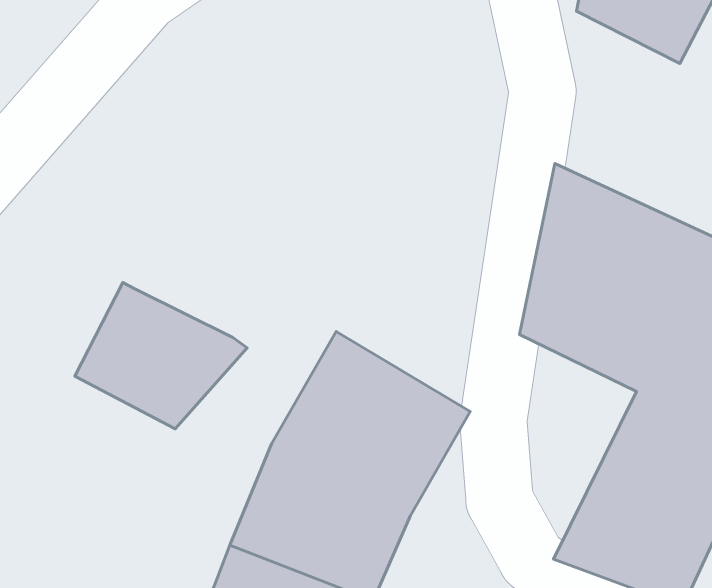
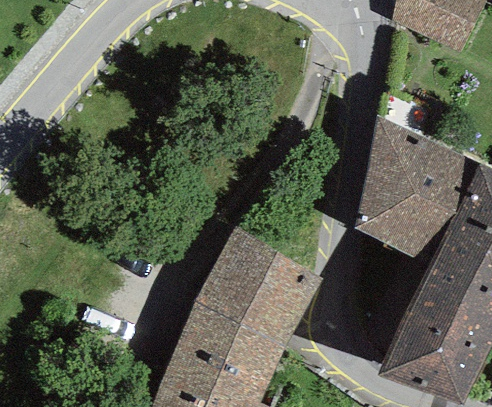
building: [75,282,247,429] -> none

